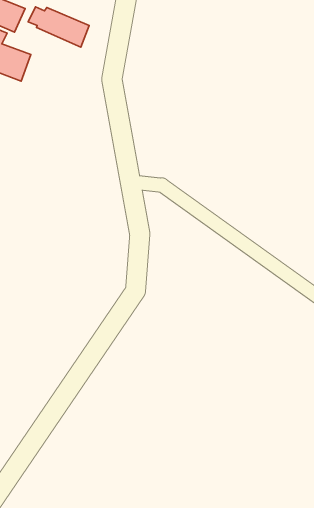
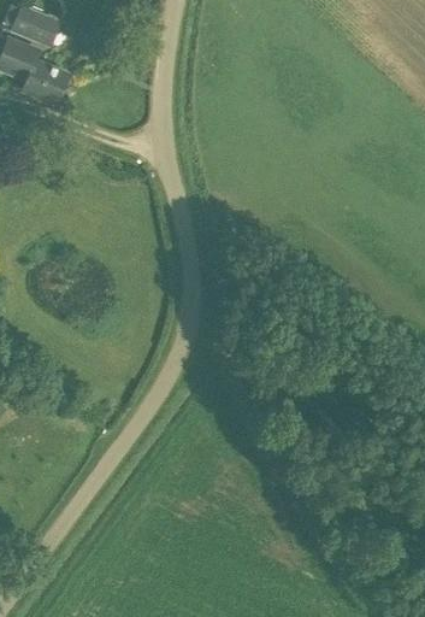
building: [28,7,89,47] -> none

